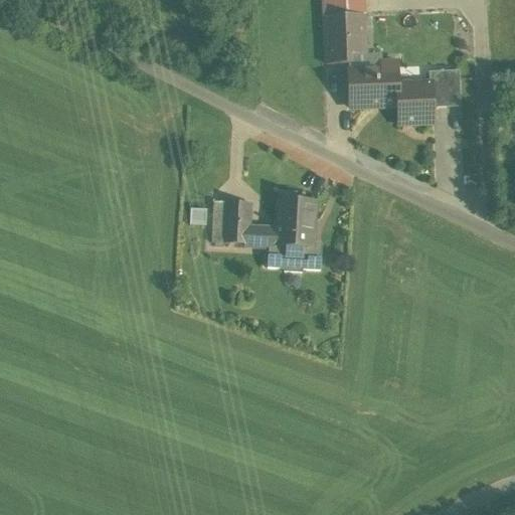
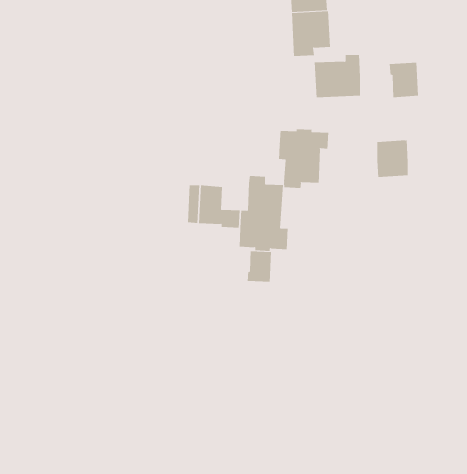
building: [398,81,433,122] -> [377,140,409,177]
building: none -> [279,128,329,189]
building: none -> [247,250,271,283]

